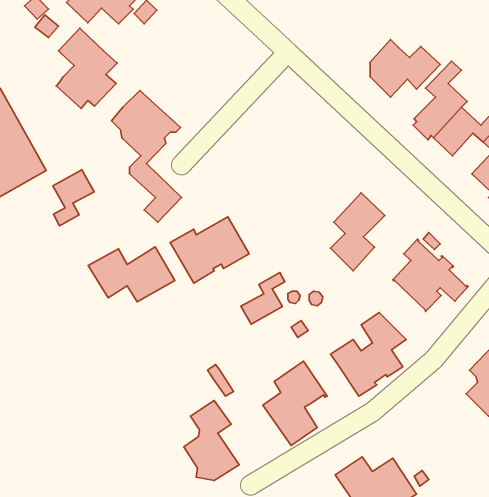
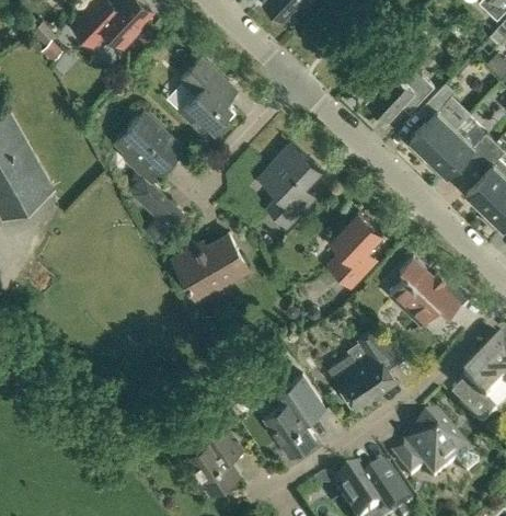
building: [56,28,117,108] -> [179,58,238,136]
building: none -> [260,145,319,229]
building: [53,170,94,226] -> none
building: [88,247,175,302] -> none
building: [241,272,285,324] -> none
building: none -> [392,414,478,480]

